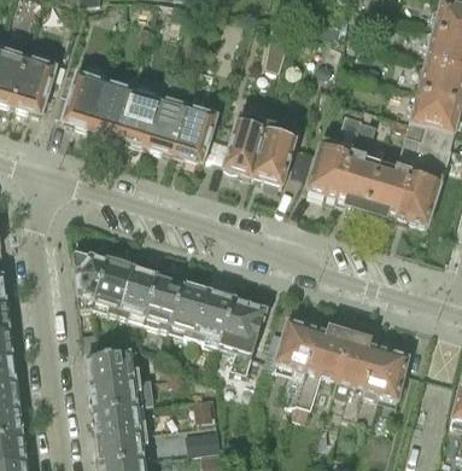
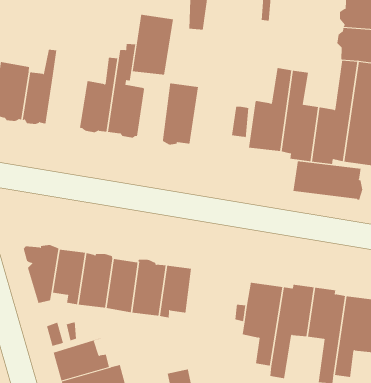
building: [115,89,160,145] -> none
building: [251,122,299,185] -> [132,14,174,75]
building: none -> [293,160,363,201]
building: [220,296,267,373] -> none

